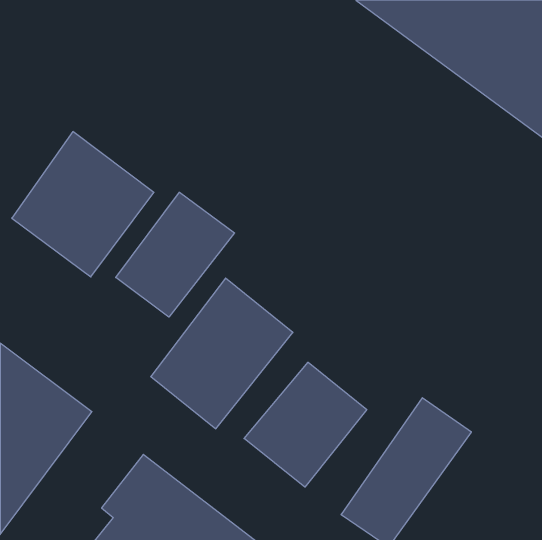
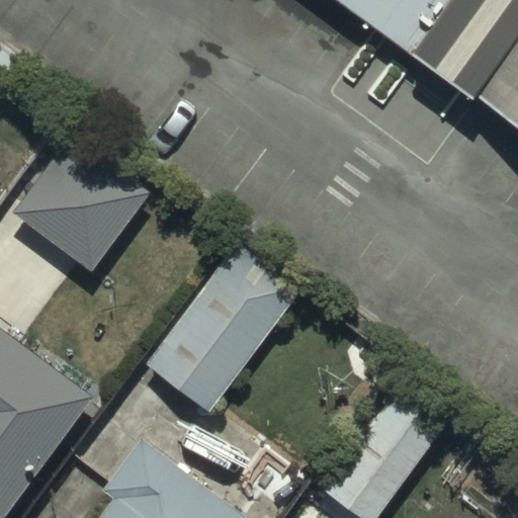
building: [116,192,235,317] -> none
building: [244,362,367,487] -> none

